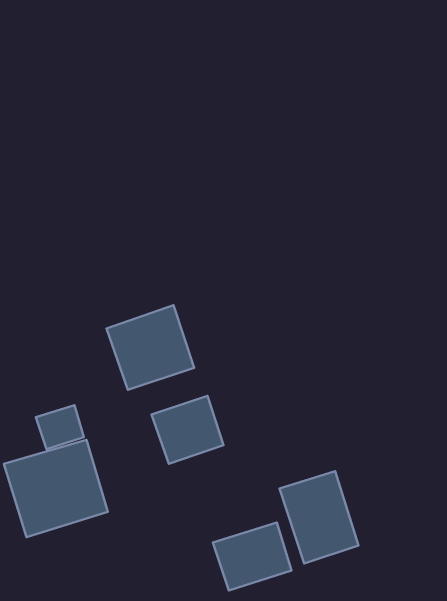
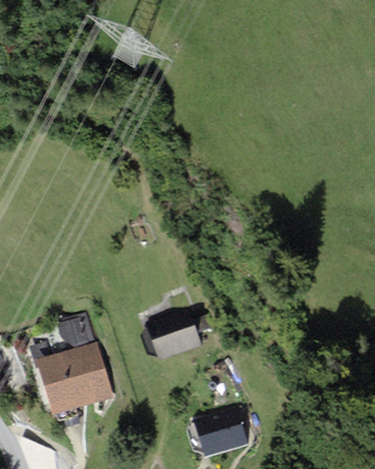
building: [107,305,194,390] -> none
building: [279,471,358,563] -> none

